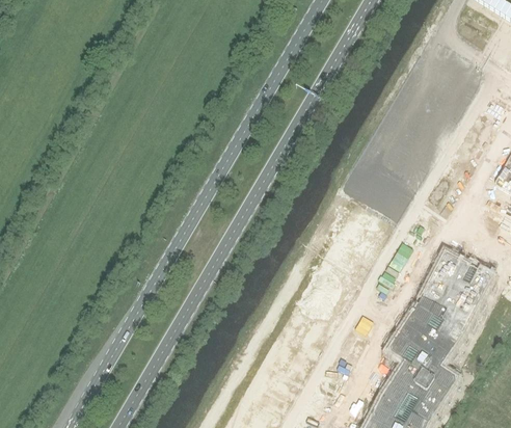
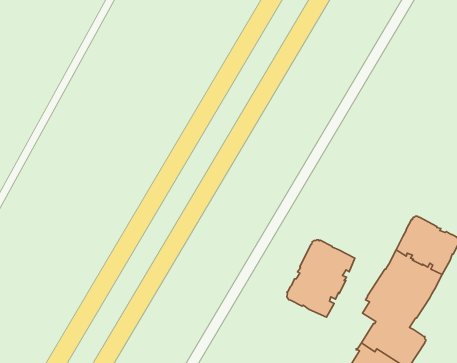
building: none -> [287,240,355,317]

